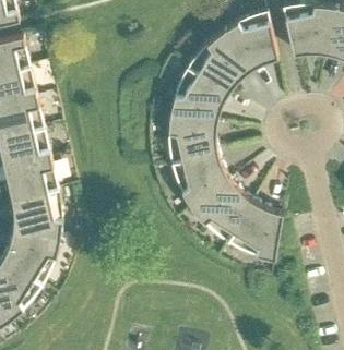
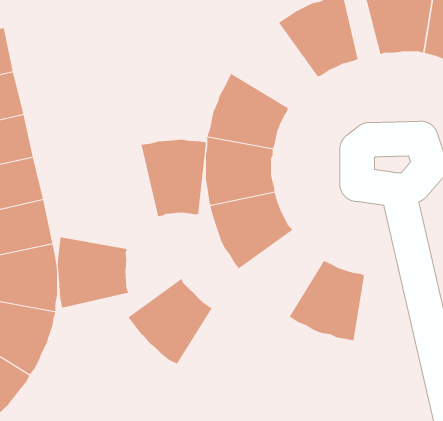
building: [186,33,248,94] -> none
building: none -> [141,139,207,217]
building: [191,181,252,243] -> [127,278,213,365]
building: none -> [57,236,129,309]

